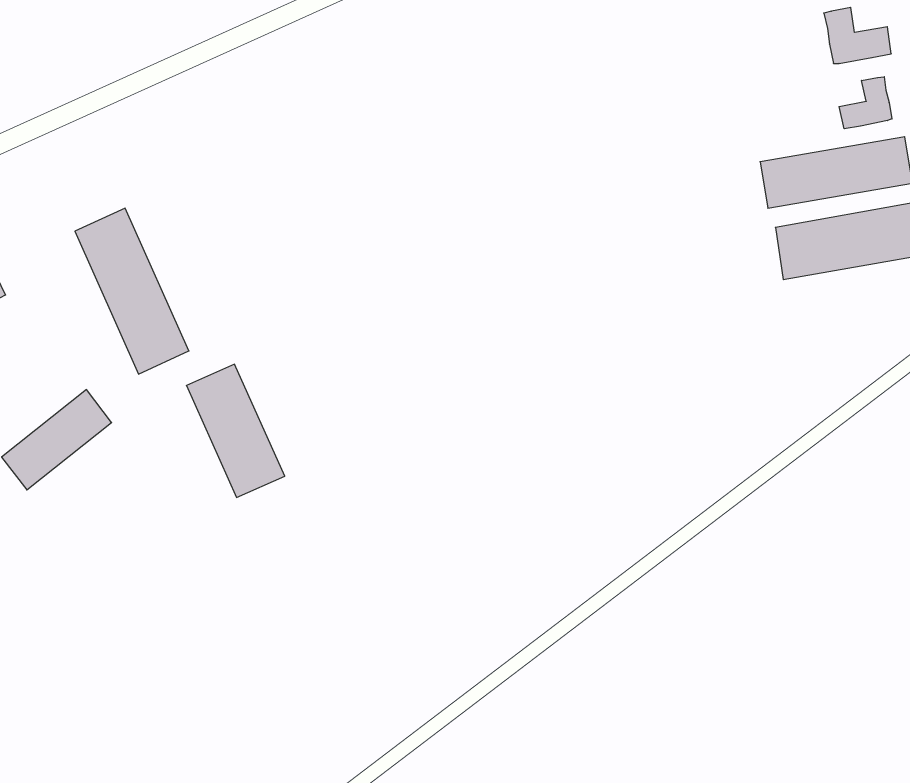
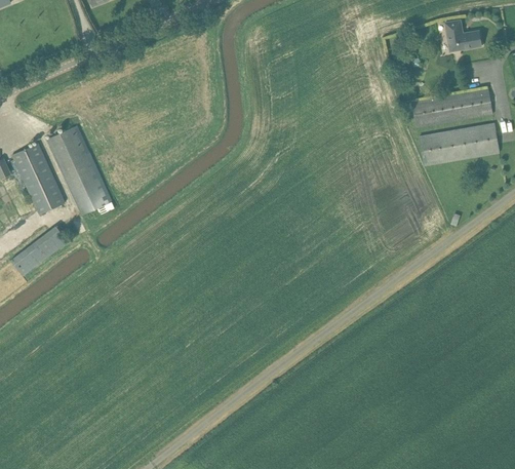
building: [839,77,892,129] -> none
building: [186,364,285,497] -> [12,143,65,213]

